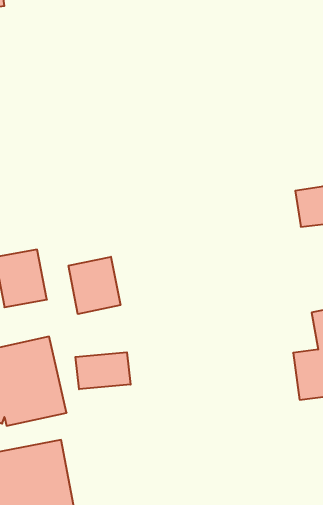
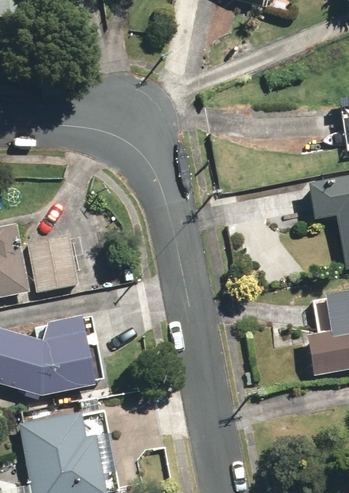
building: [69,257,120,314] -> none
building: [75,352,131,389] -> none

